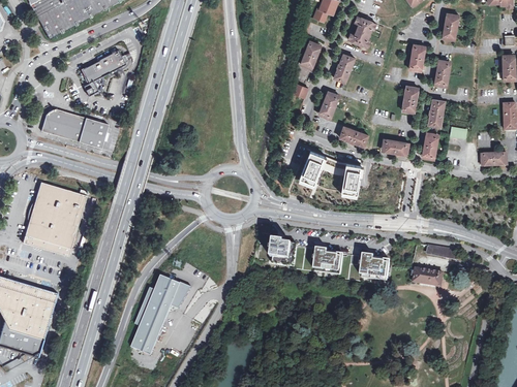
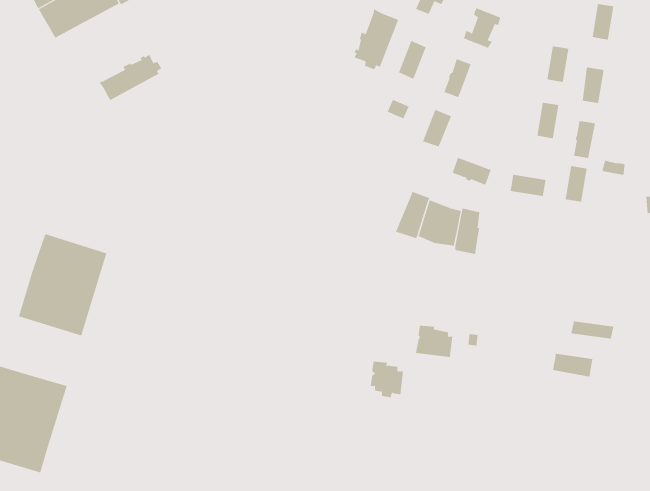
building: none -> [354,9,399,70]
building: [42,108,109,148] -> none
building: [270,238,295,265] -> [370,361,404,398]
building: [360,253,388,278] -> none
building: [130,275,191,355] -> none

